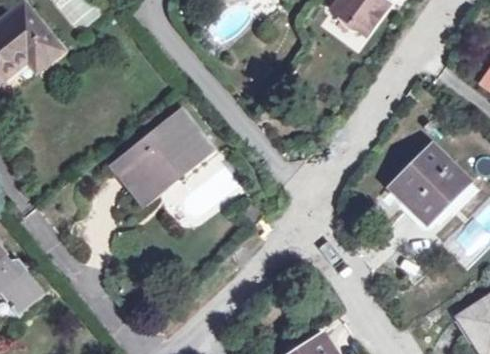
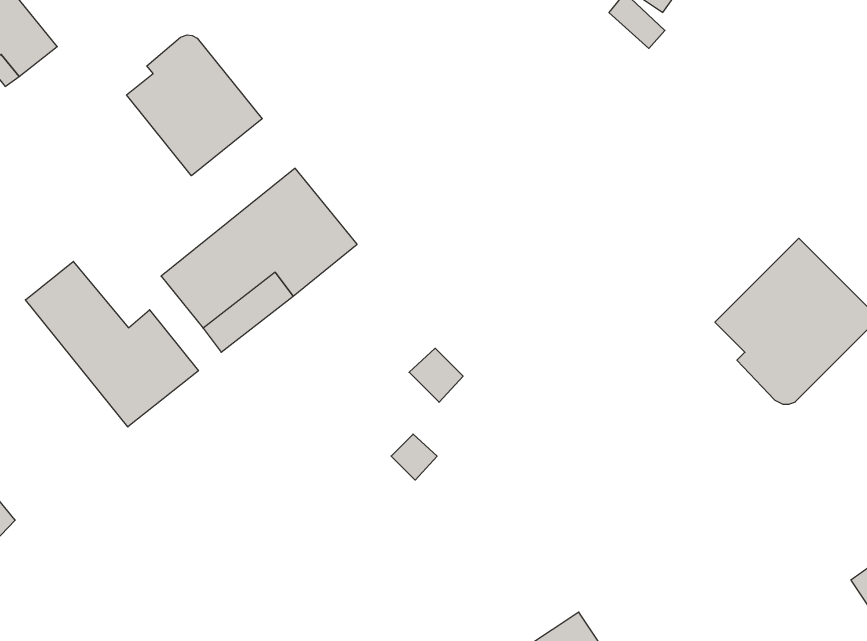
building: none -> [127,35,262,176]
building: none -> [25,261,198,427]

